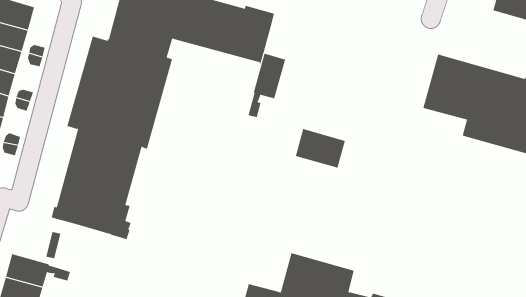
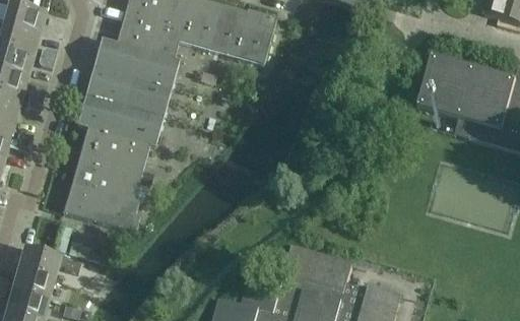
building: [248,53,286,118] -> none
building: [295,128,345,168] -> none

